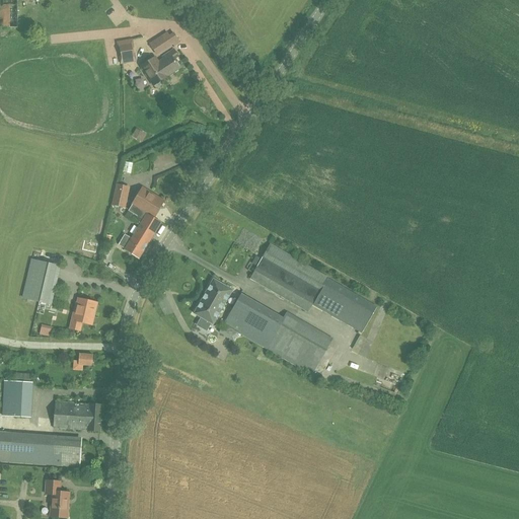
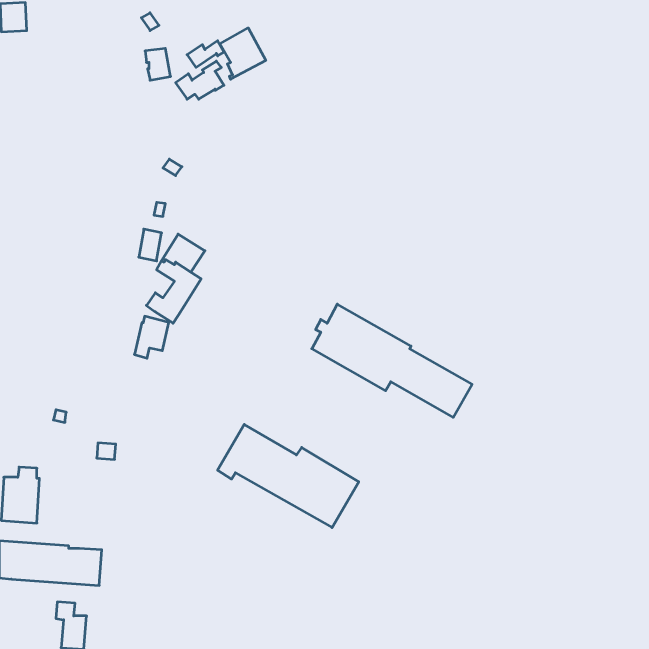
building: none -> [220,28,266,79]
building: [22,260,58,303] -> none
building: [193,278,231,323] -> none
building: [220,292,332,374] -> [218,424,359,528]
building: [69,297,96,330] -> [134,316,169,358]
building: [52,400,101,431] -> none

